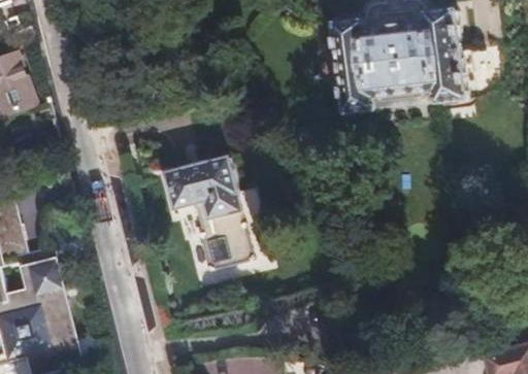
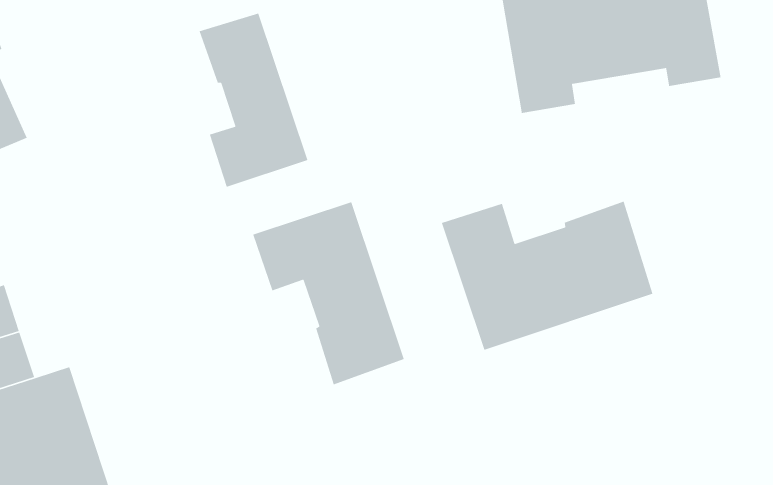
building: none -> [199,12,308,188]
building: none -> [441,200,654,351]

